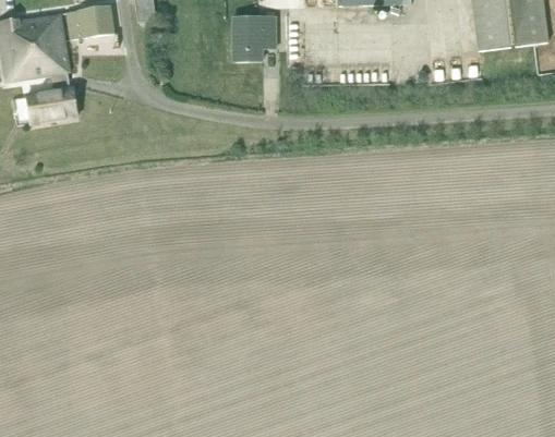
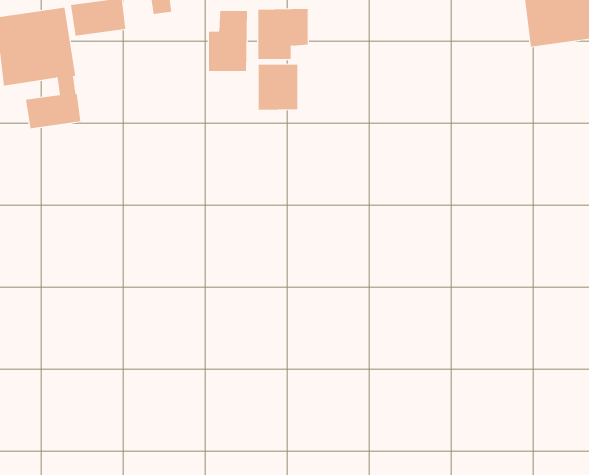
building: none -> [209,10,247,72]
building: none -> [258,64,298,110]

